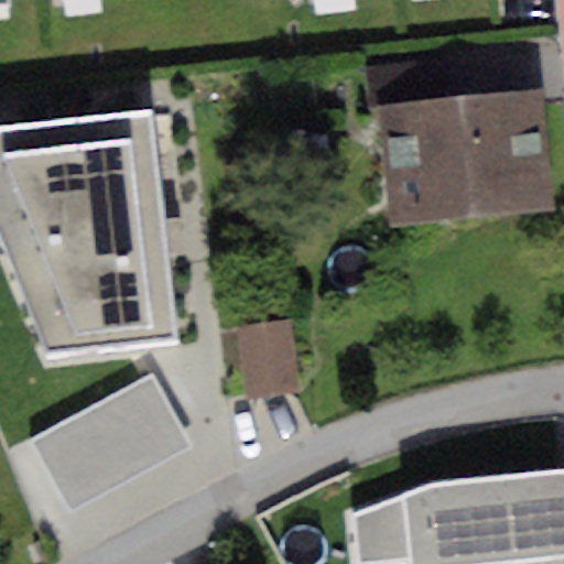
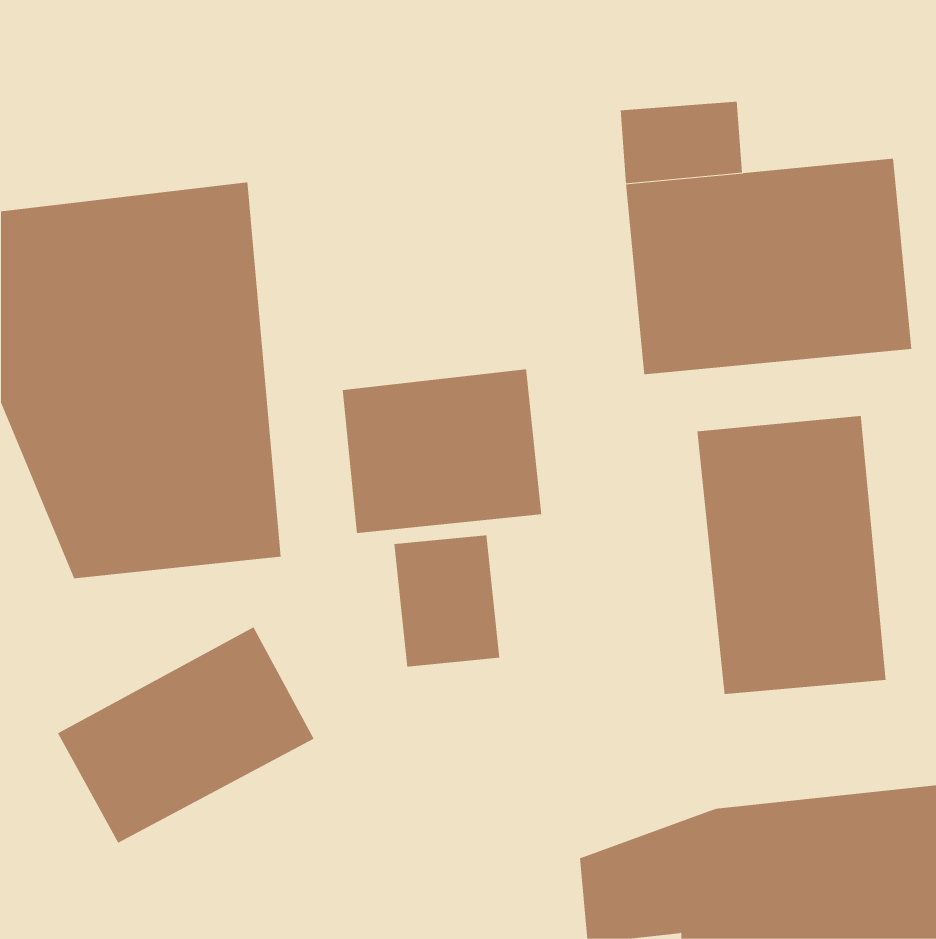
building: none -> [342,368,542,534]
building: none -> [697,415,886,695]

